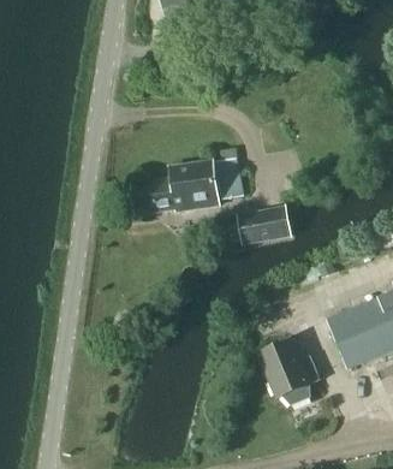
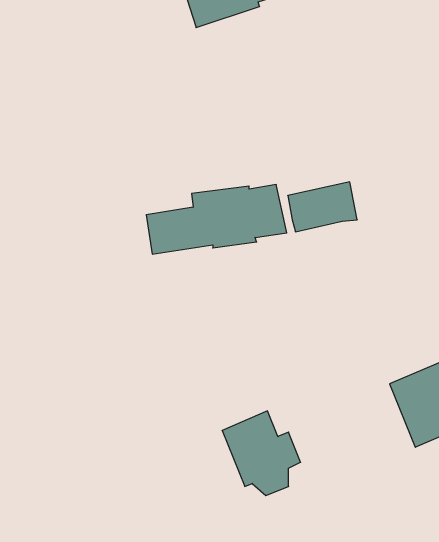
building: [238,203,293,243] -> [288,182,357,232]
building: [258,337,321,404] -> [222,411,301,495]

